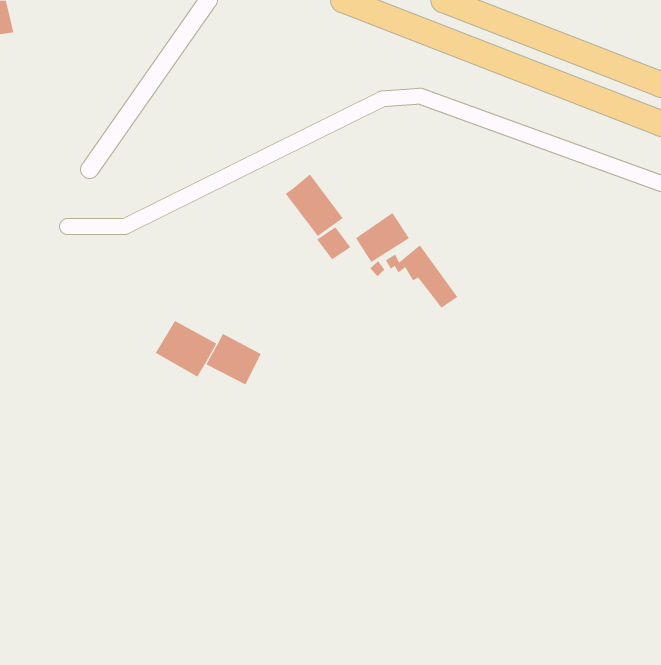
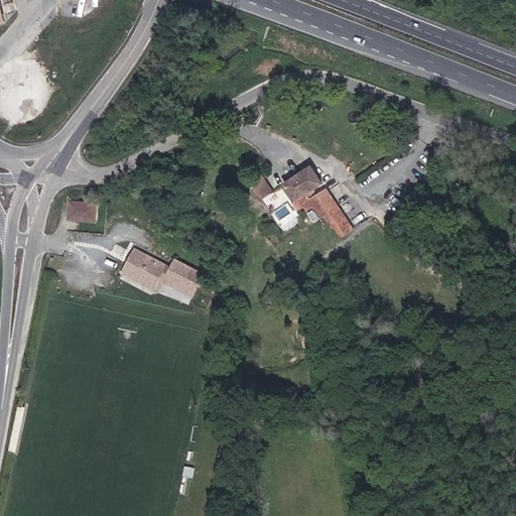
building: [285,174,344,237] -> none
building: none -> [67,201,97,223]

